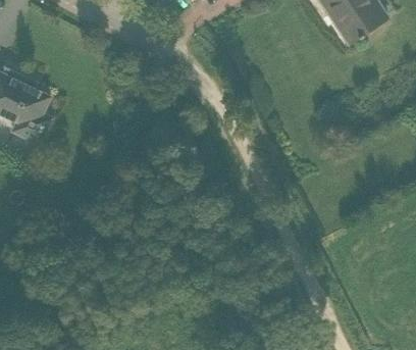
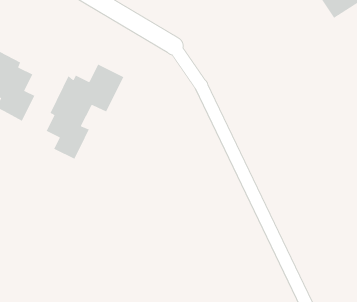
building: none -> [46,63,125,160]

